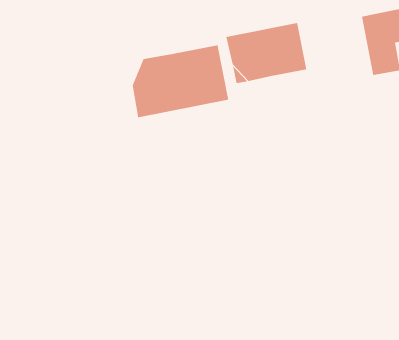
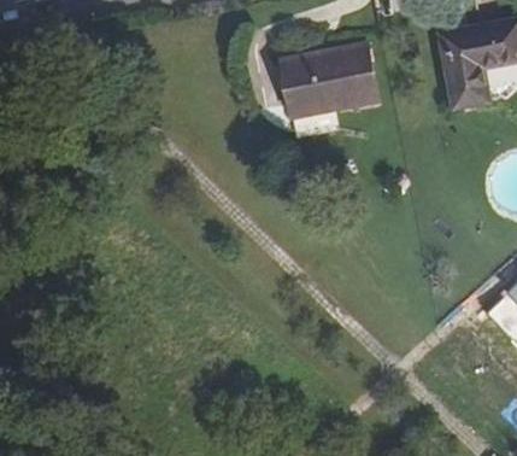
building: [132,44,229,118] -> none

